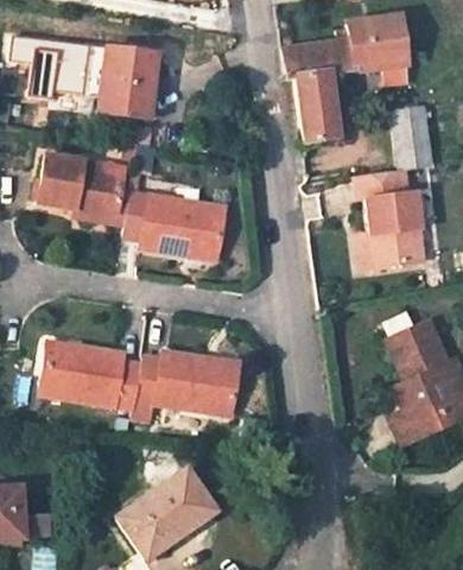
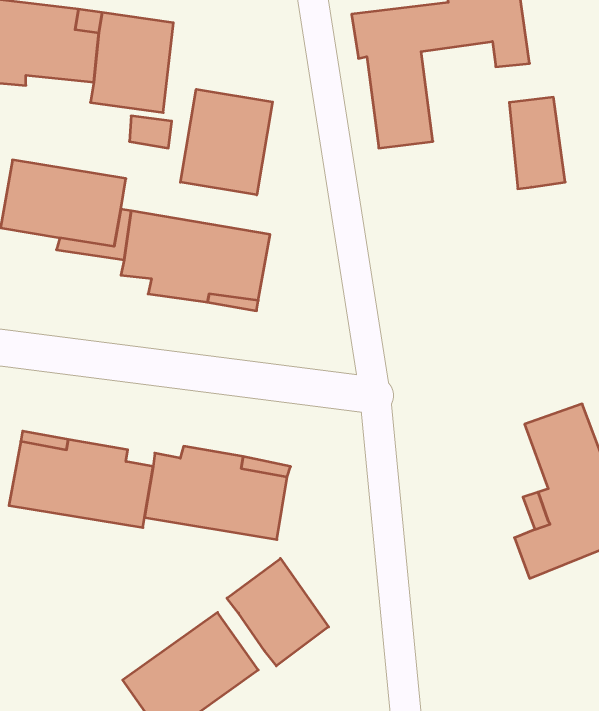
building: none -> [180,89,273,195]
building: [355,170,427,267] -> none
building: none -> [227,558,329,666]

